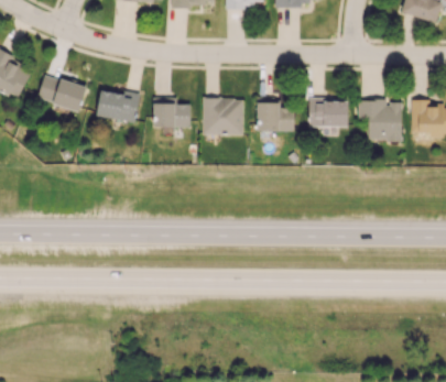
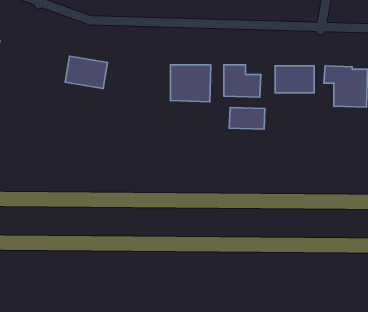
building: [36,75,86,111] -> none
building: [152,97,191,127] -> none
building: none -> [229,107,265,129]

